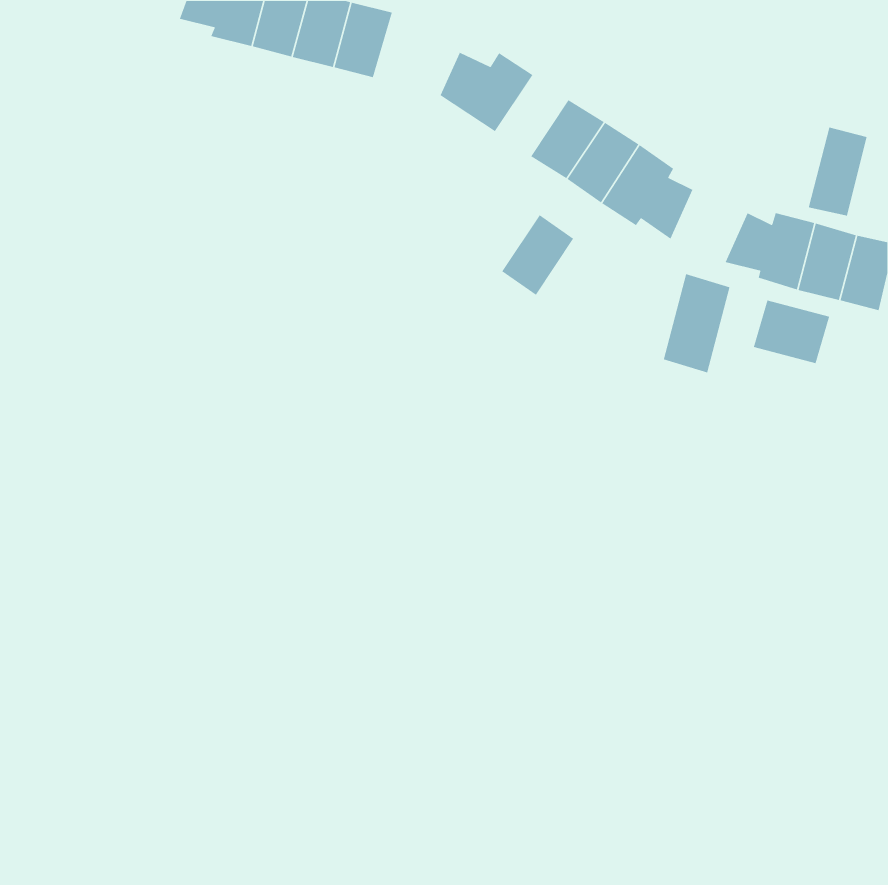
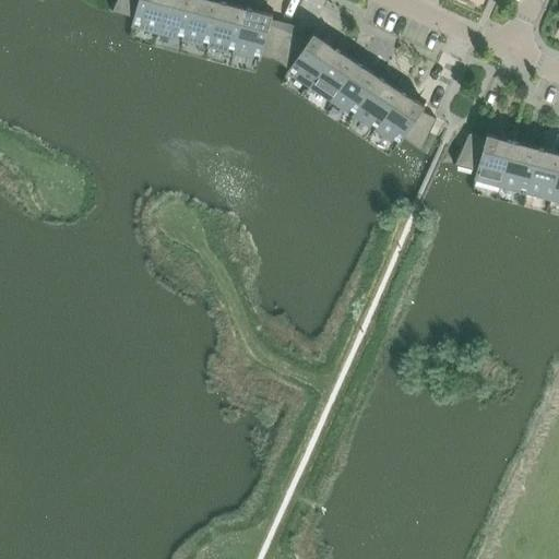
building: none -> [235,10,292,62]
building: [808,126,867,216] -> none
building: [501,214,574,296] -> [311,49,357,100]
building: [663,273,730,374] -> none
building: [753,300,830,364] -> none

